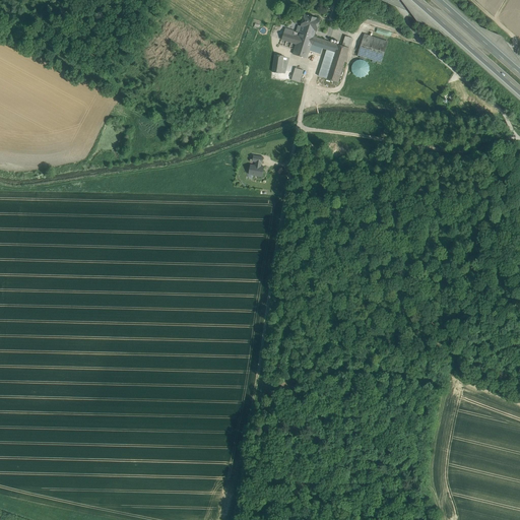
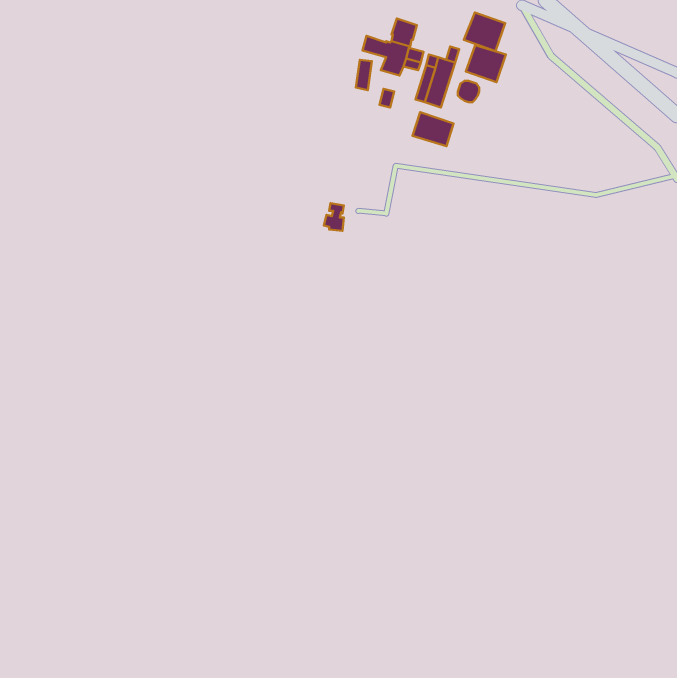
building: none -> [464,13,505,51]
building: none -> [413,112,453,146]

